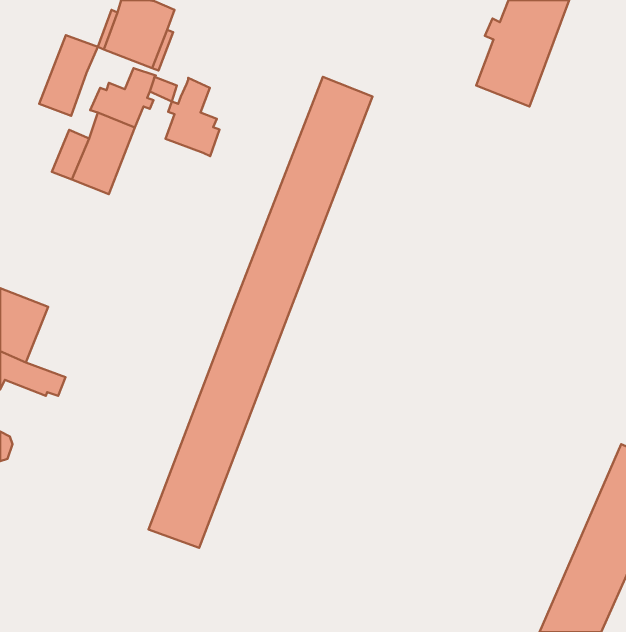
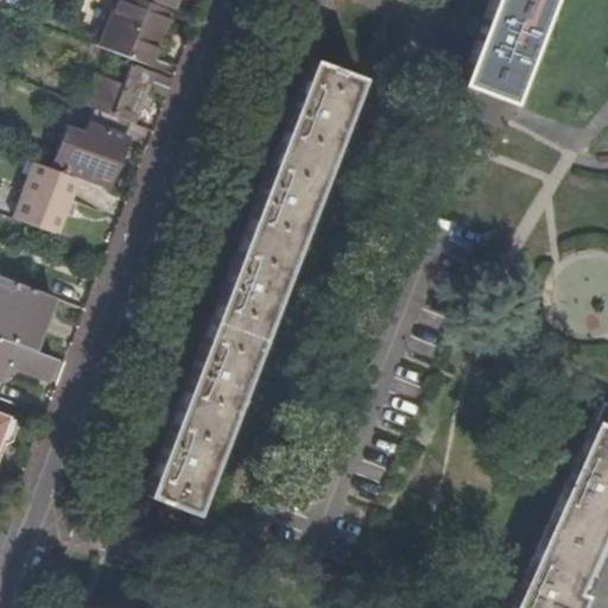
building: [39,35,98,116] -> none
building: [165,78,219,156] -> none
building: none -> [18,163,83,234]

